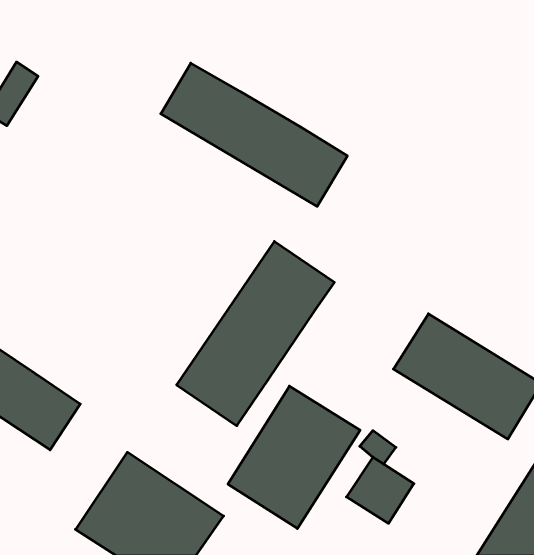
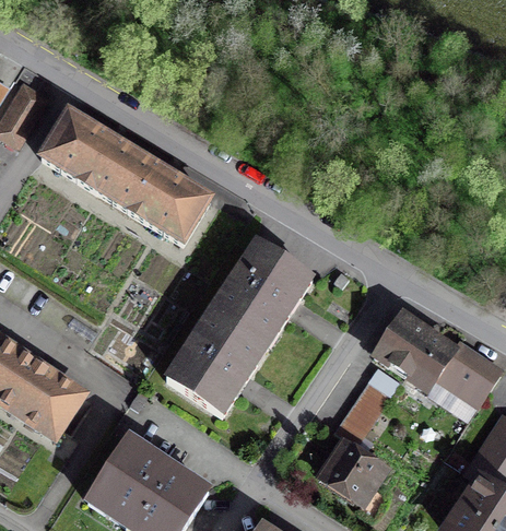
building: [161,63,347,206] -> [44,111,213,241]
building: [228,386,360,529] -> none
building: none -> [348,377,391,428]

